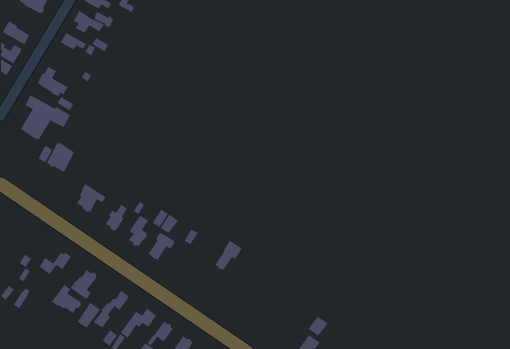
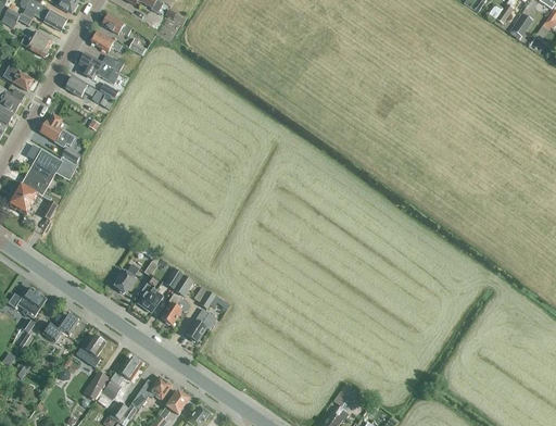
building: [46,142,75,173] -> [8,181,39,215]
building: [76,183,106,213] -> none
building: none -> [8,287,47,316]
building: [214,240,242,271] -> [187,308,217,341]
building: [51,284,82,314] -> none

